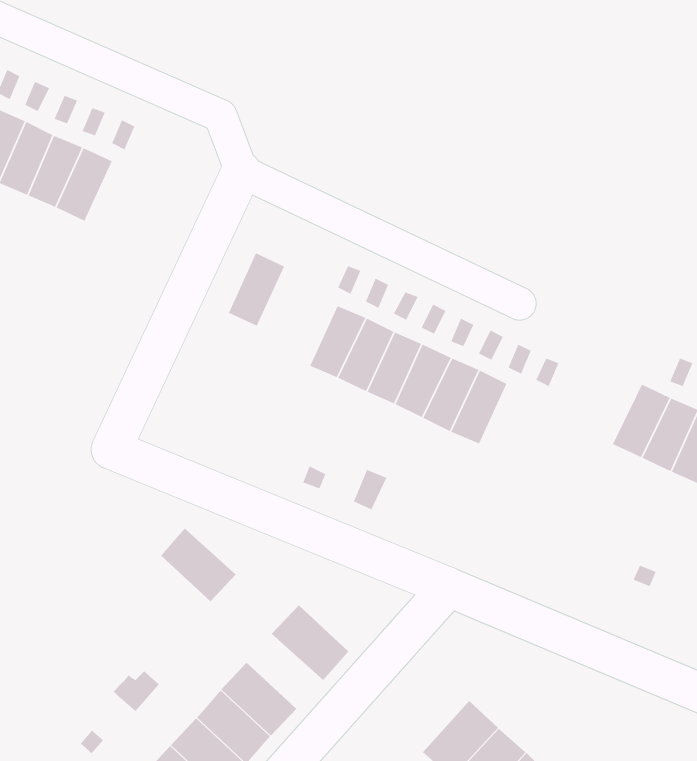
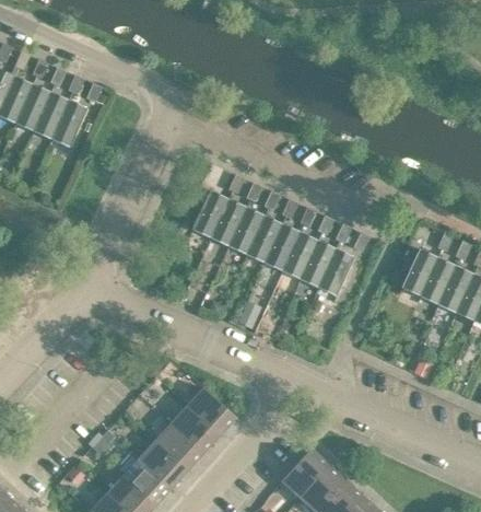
building: [228,252,285,327] -> [192,190,228,237]
building: none -> [318,248,354,295]
building: [160,528,237,602] -> [172,406,220,453]

